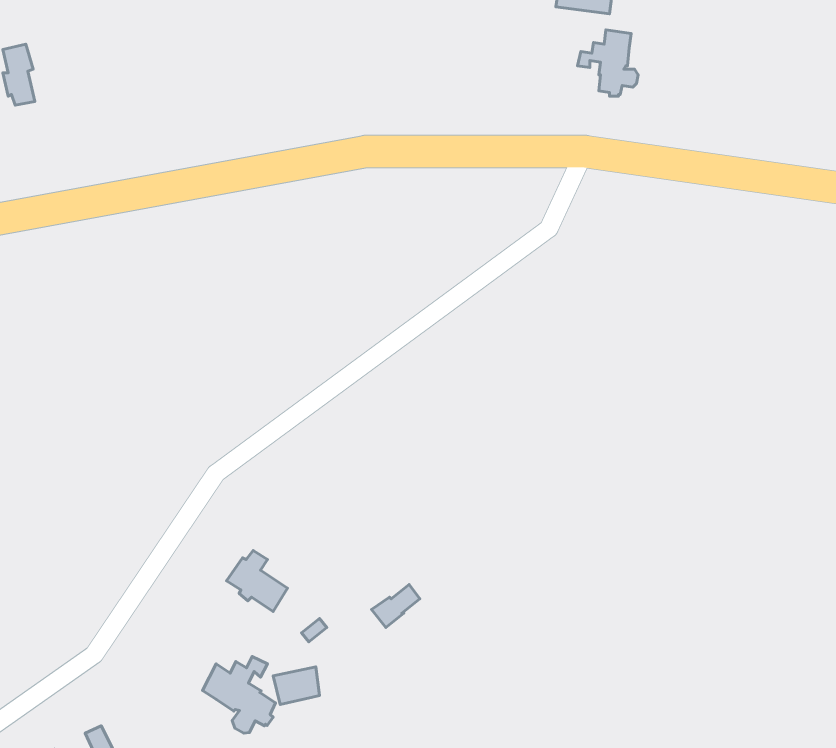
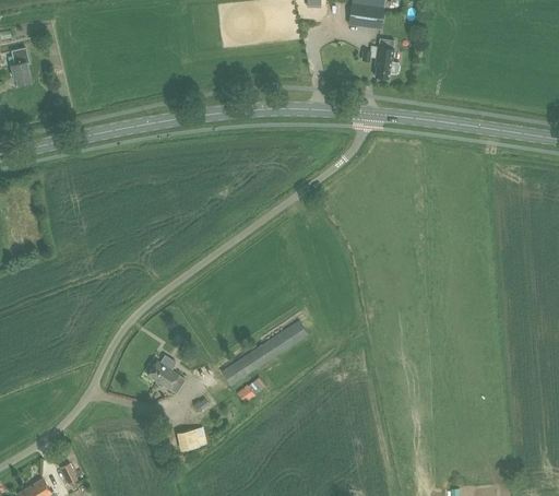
building: none -> [222,320,307,385]
building: [202,656,276,733] -> none

